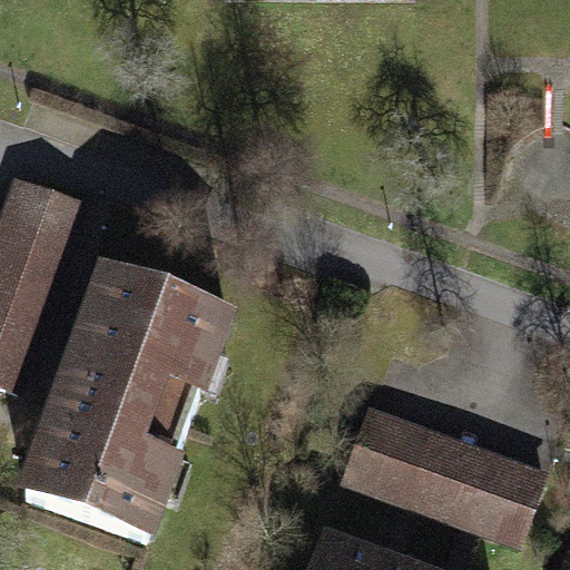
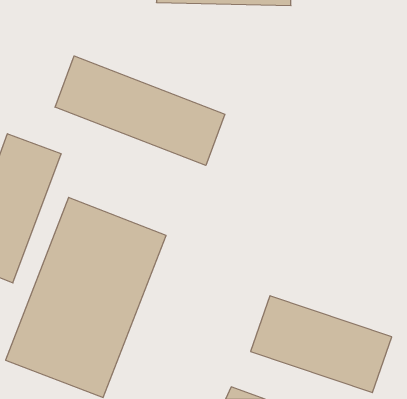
building: none -> [55,56,225,165]

